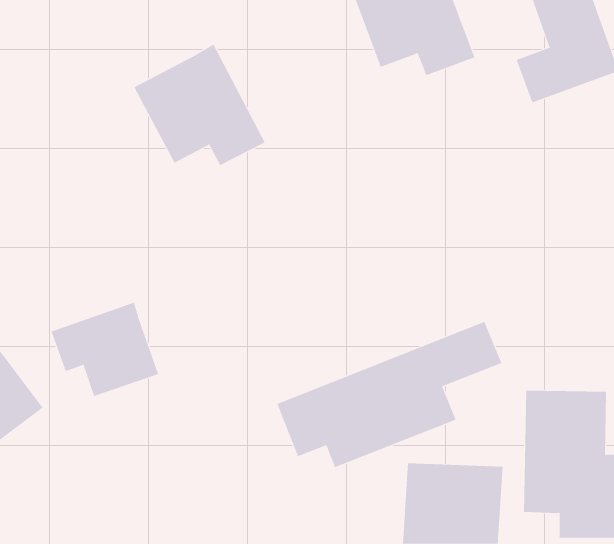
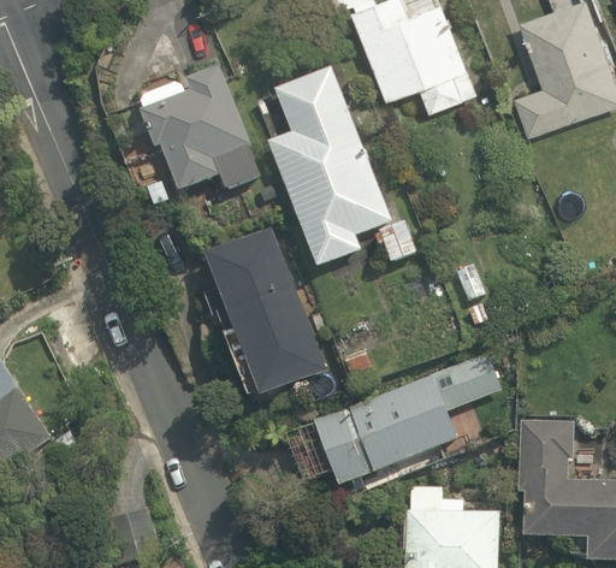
building: none -> [266,67,419,270]
building: none -> [195,224,324,397]
building: [51,302,159,397] -> none

